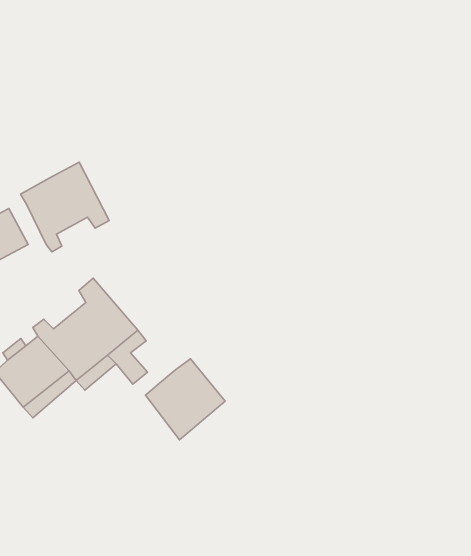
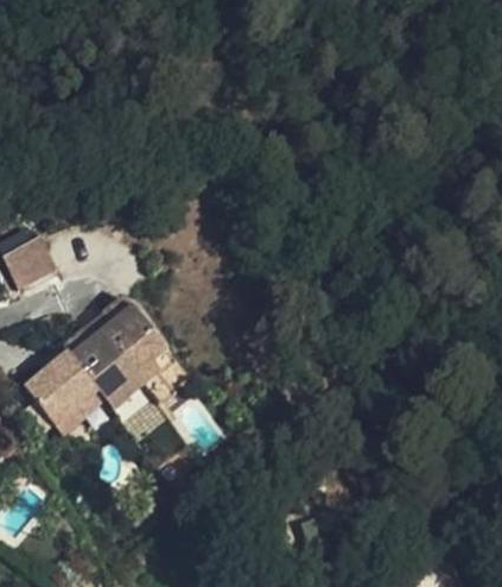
building: [20,162,109,252] -> none
building: [145,359,225,440] -> none

